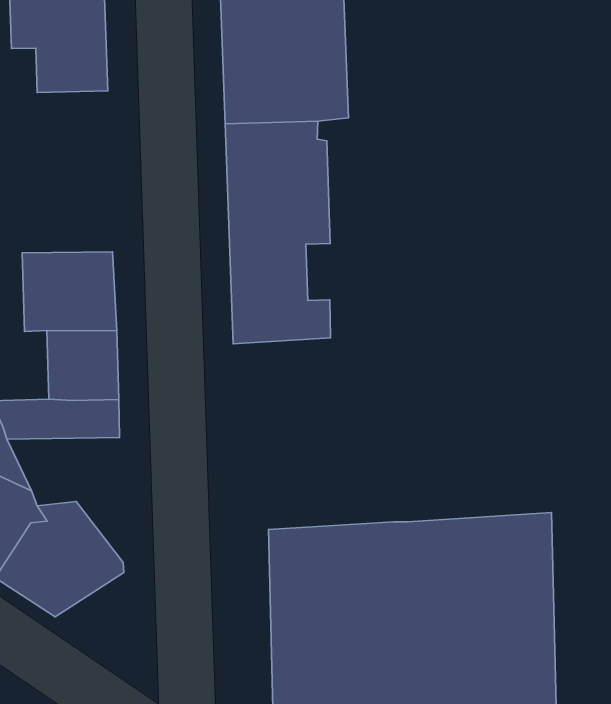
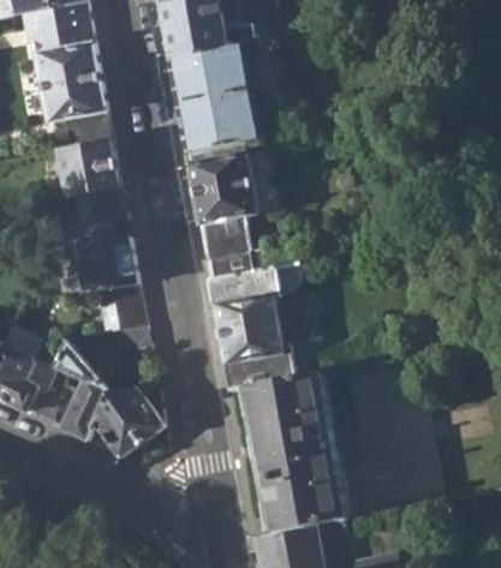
building: none -> [54,139,123,226]
building: none -> [207,265,327,391]

